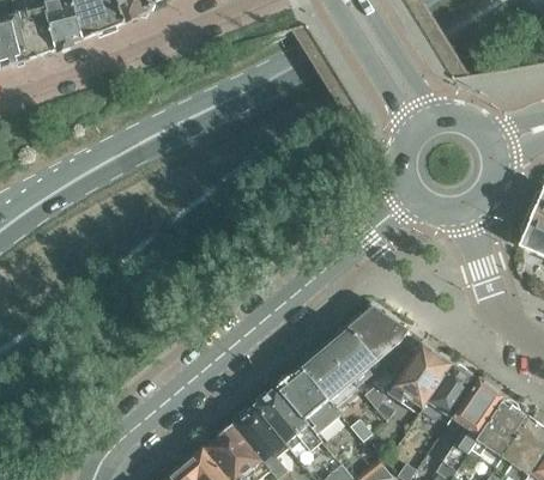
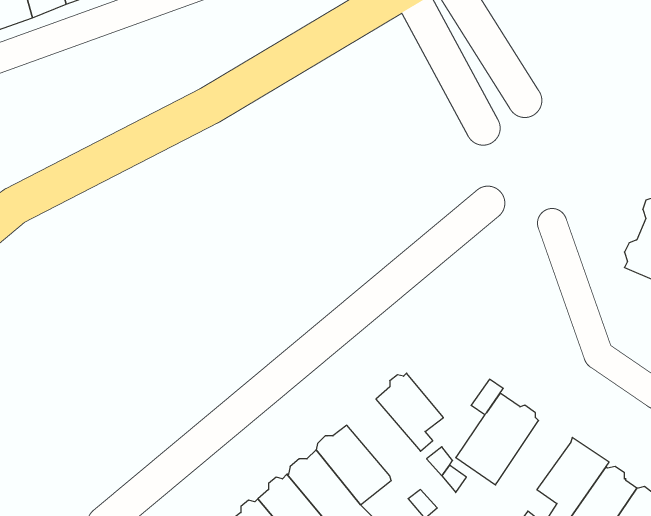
building: [347,303,407,361] -> none
building: [300,347,358,407] -> none
building: [419,364,476,423] -> none

